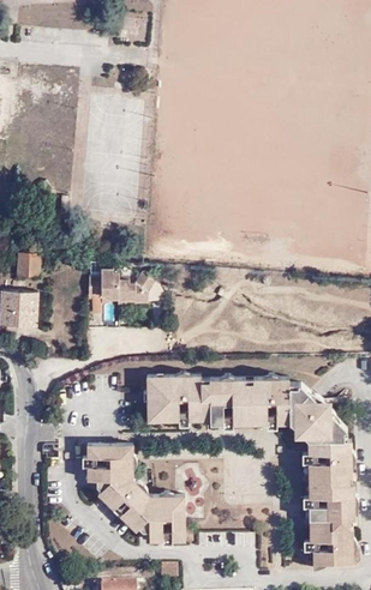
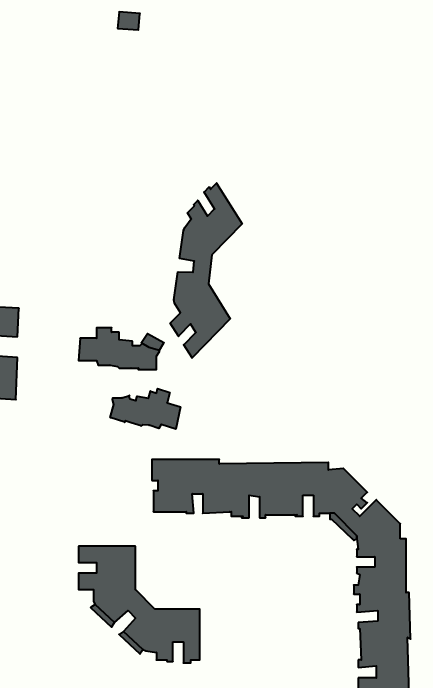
building: none -> [170,183,242,358]
building: none -> [110,389,180,429]

